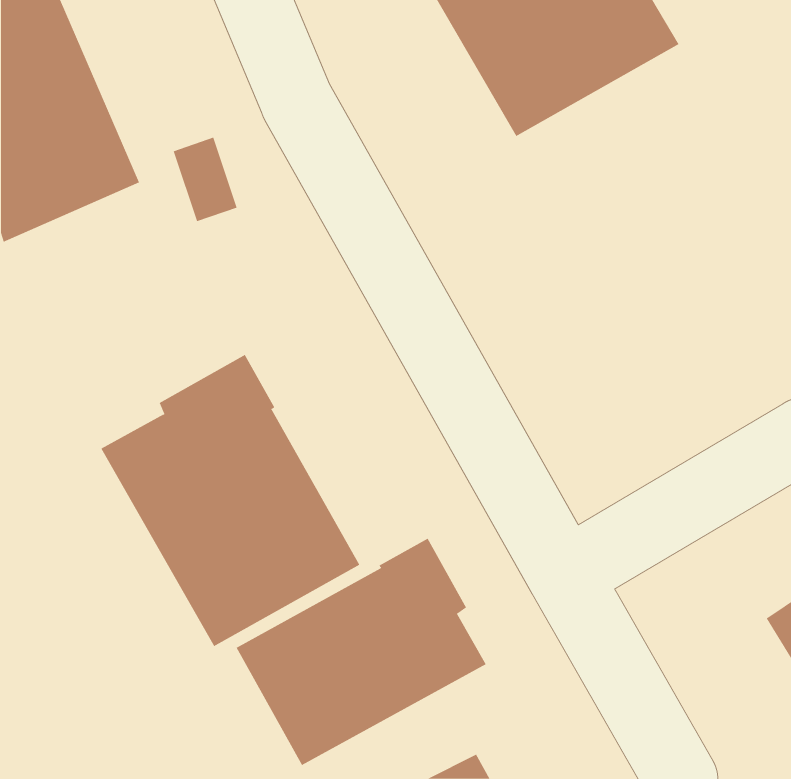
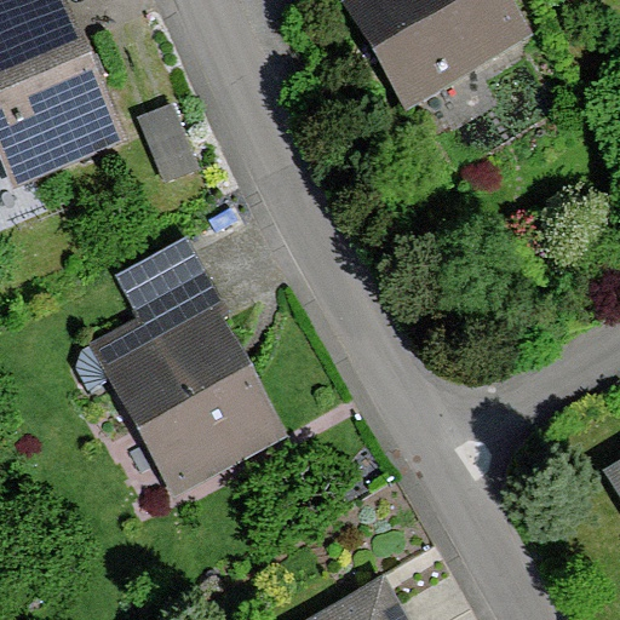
building: [236,538,486,766] -> none

